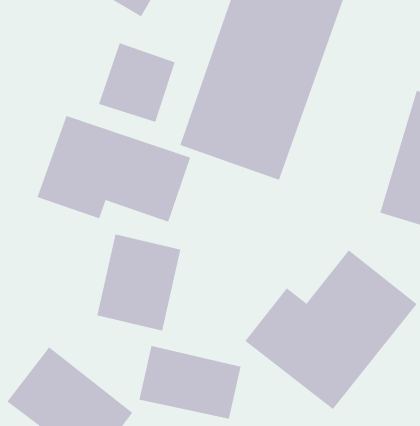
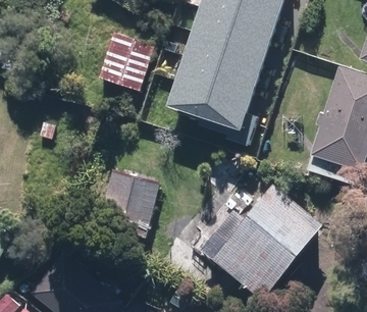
building: [37,115,191,222] -> none
building: [139,345,241,420] -> none

